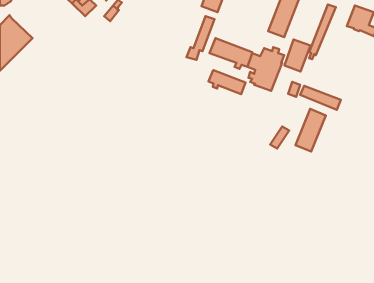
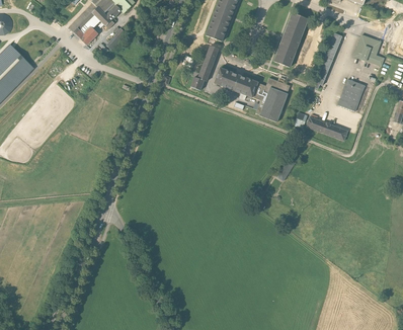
building: [285,40,310,71] -> [338,79,365,111]
building: [209,70,245,94] -> none
building: [295,109,326,152] -> none

